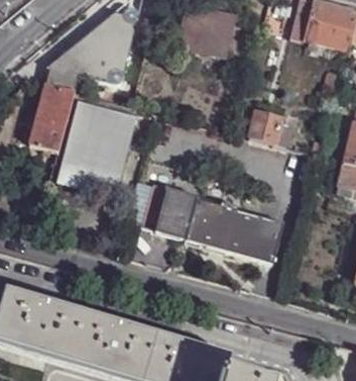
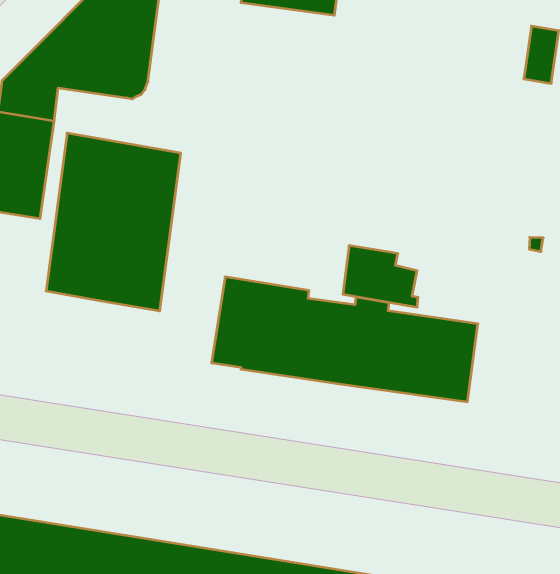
building: [247,109,287,146] -> [343,246,418,307]

